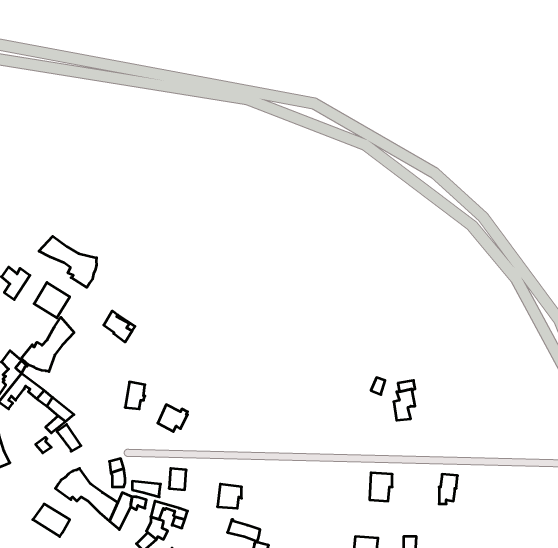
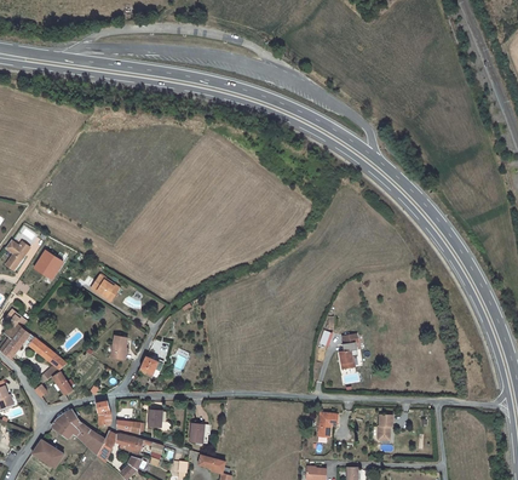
building: [39,236,97,287] -> none
building: [21,317,74,372] -> none

